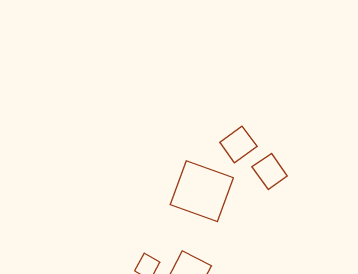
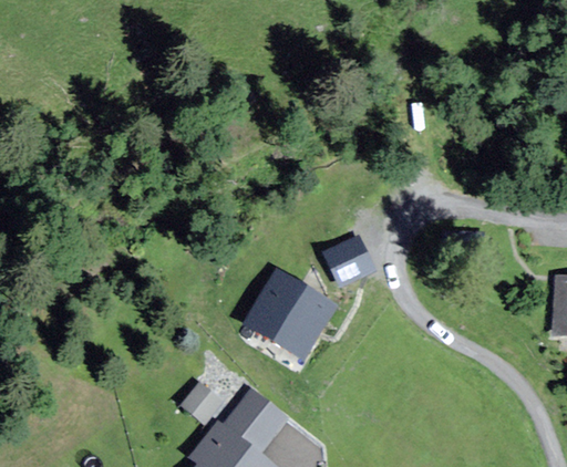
building: [252,153,287,190] -> none

